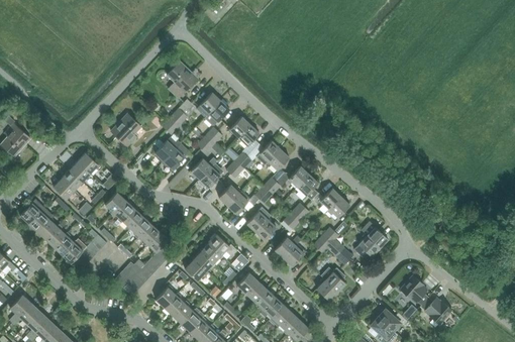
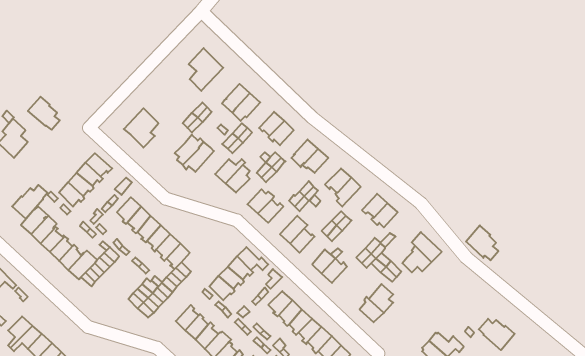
building: none -> [28,97,60,130]
building: none -> [12,185,47,219]
building: [400,274,428,305] -> [466,225,498,260]

